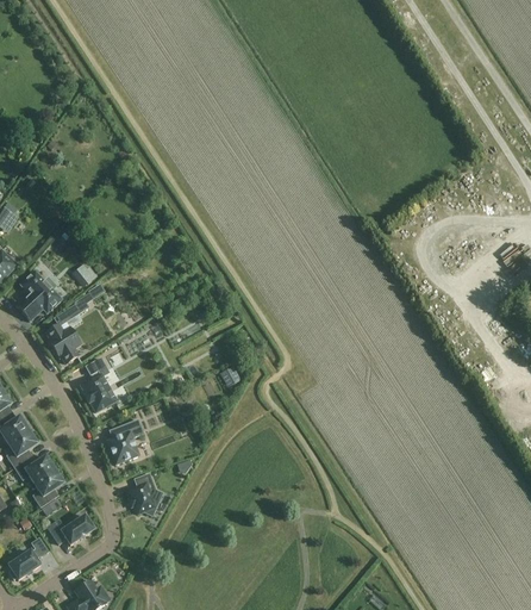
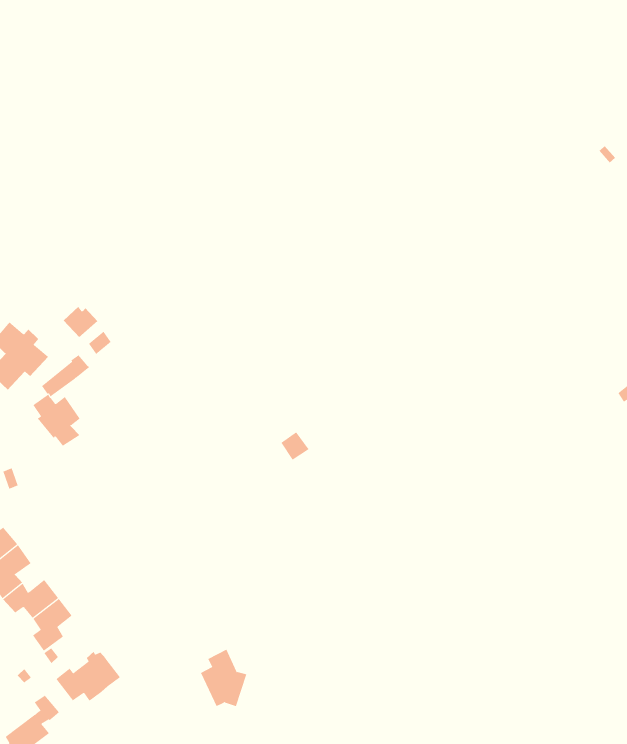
building: [81,357,115,411] -> none
building: [106,418,143,463] -> none
building: [129,473,162,515] -> [200,649,247,707]

